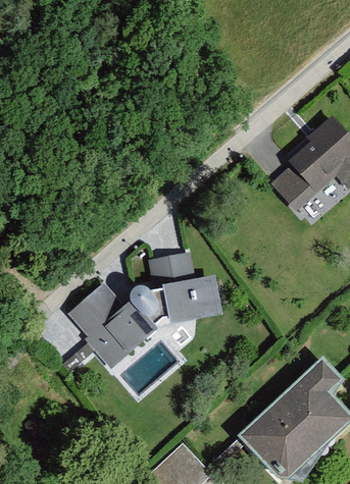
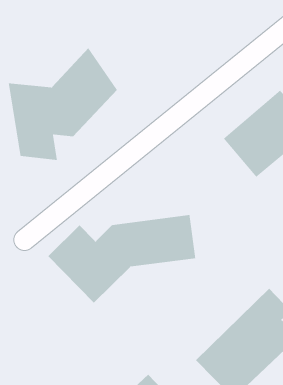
building: none -> [8,47,118,161]

